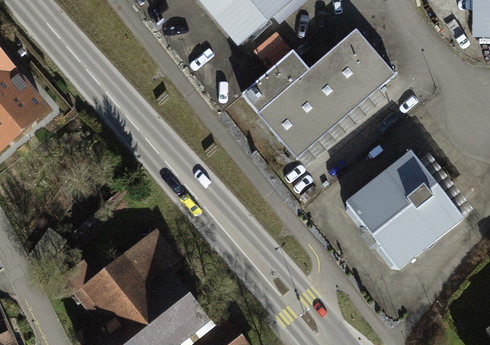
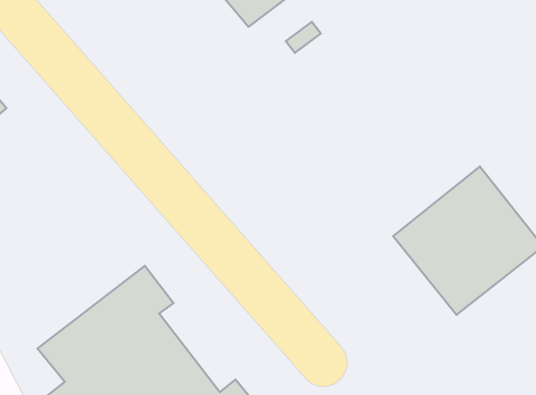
building: [244,32,391,155] -> none

